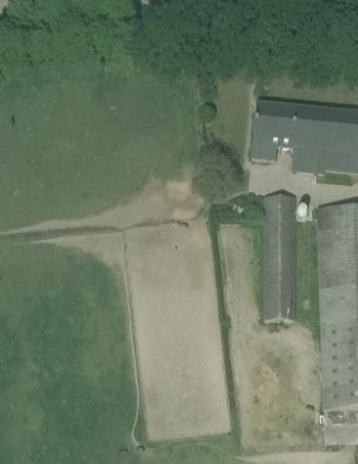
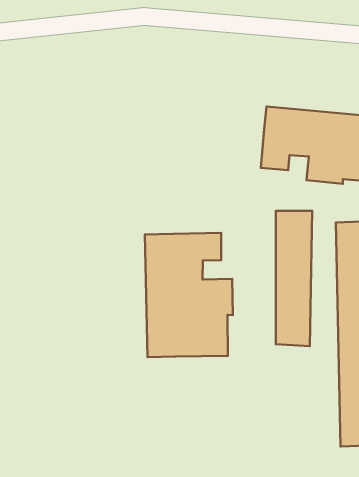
building: none -> [145,233,233,357]

